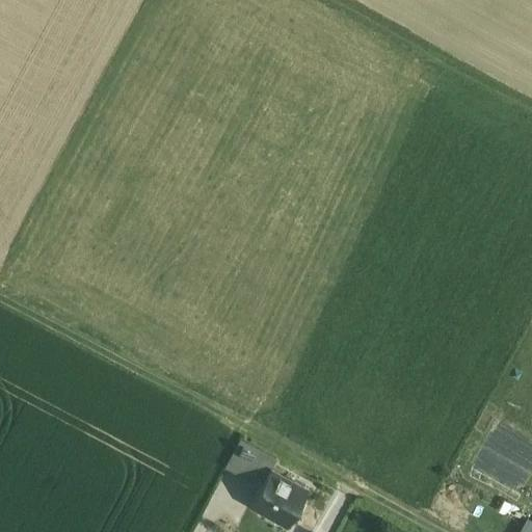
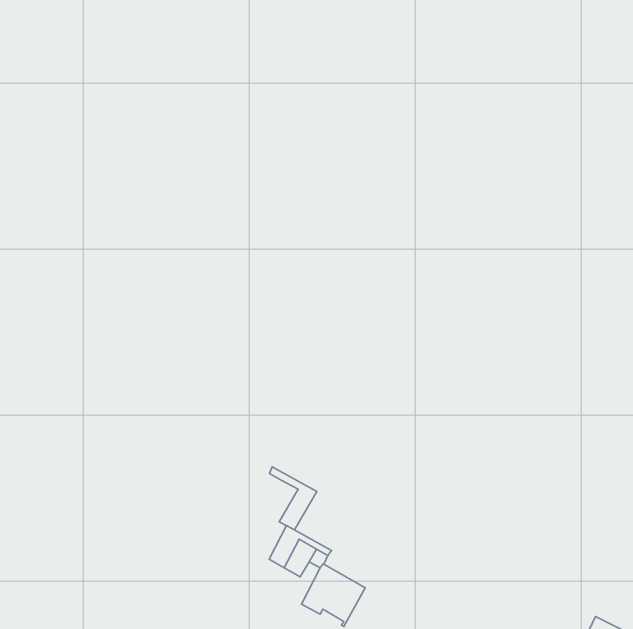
building: none -> [269,467,317,530]

